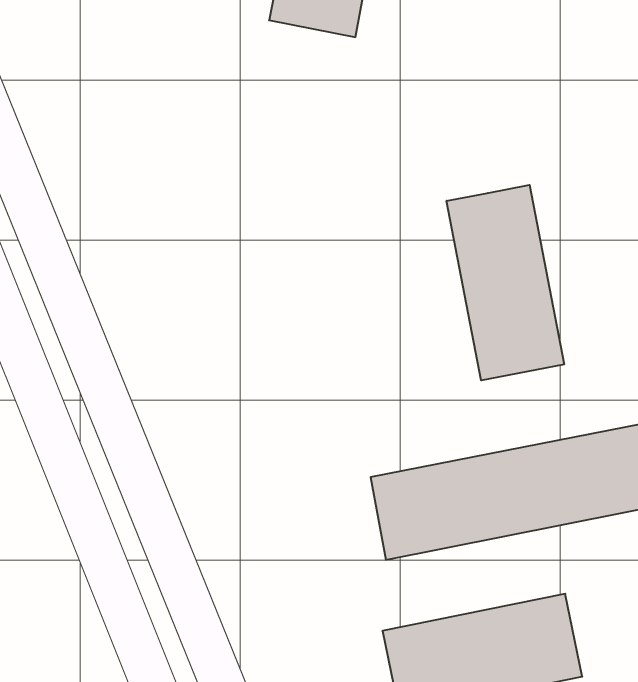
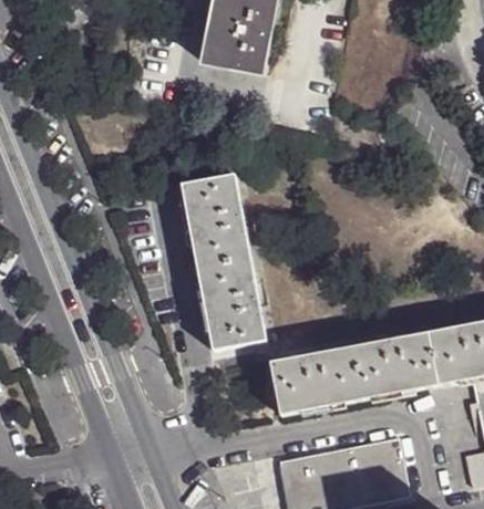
building: [447,185,564,380] -> none
building: none -> [181,174,266,352]

